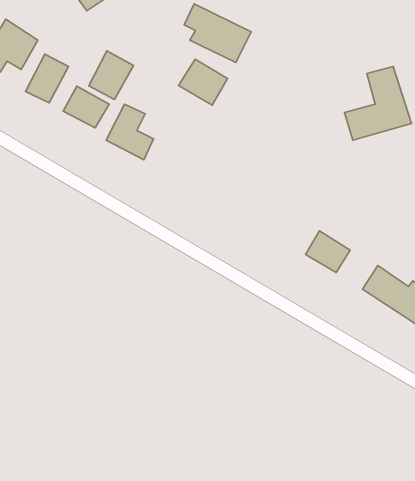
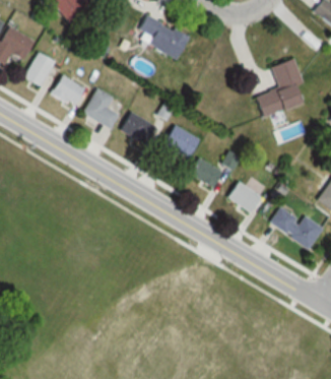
building: [89,51,133,99] -> none
building: [179,59,227,105] -> [120,112,155,145]
building: none -> [155,125,198,164]
building: none -> [190,159,219,186]

